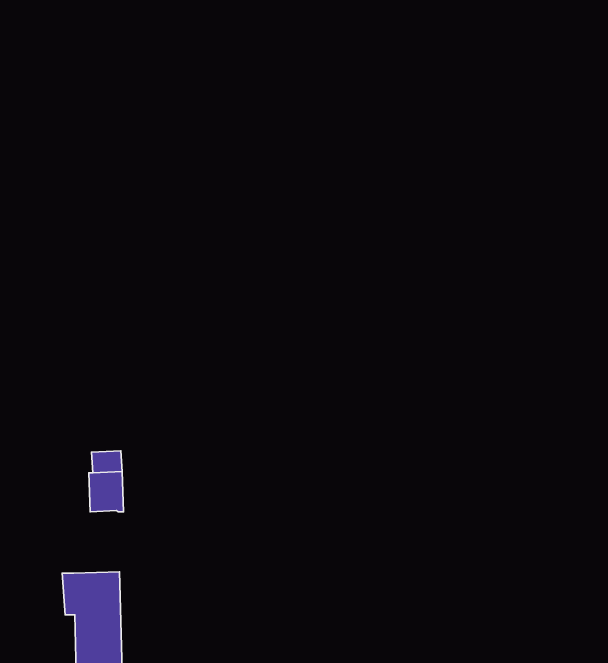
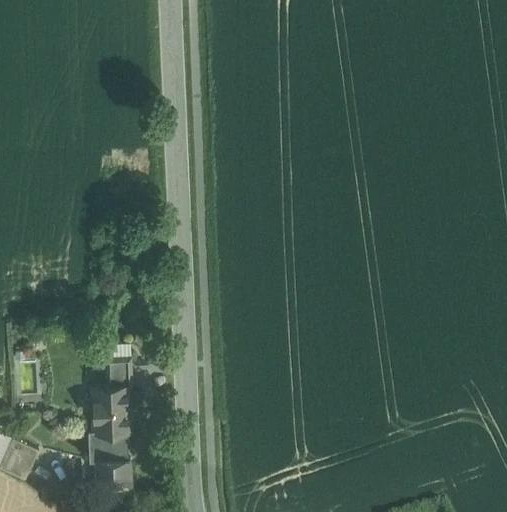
building: none -> [94,389,128,434]

